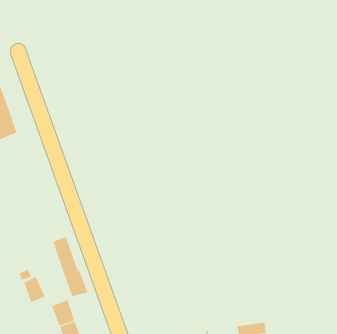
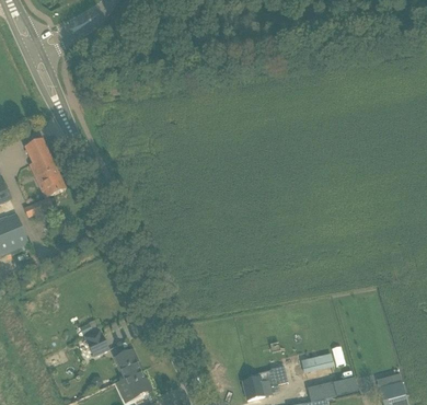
building: [52,236,88,297] -> none

